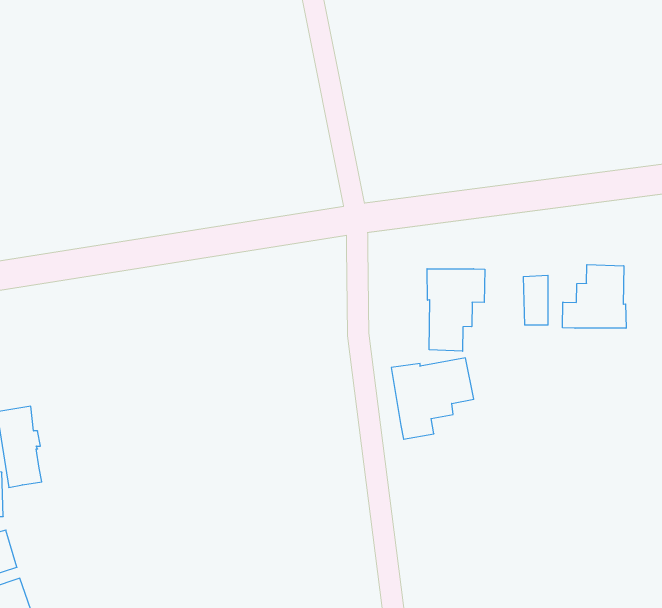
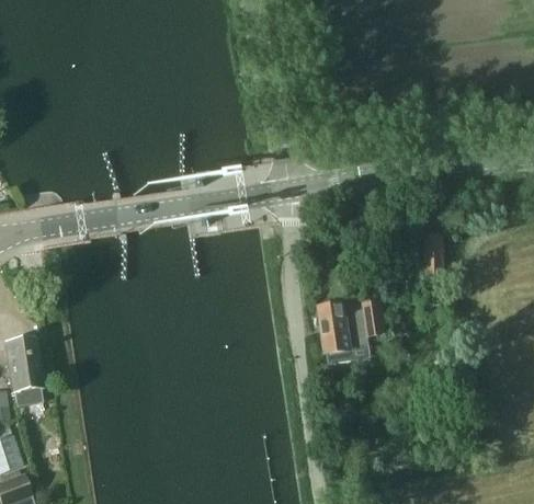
building: [563,265,626,328] -> none
building: [427,269,485,351] -> none

